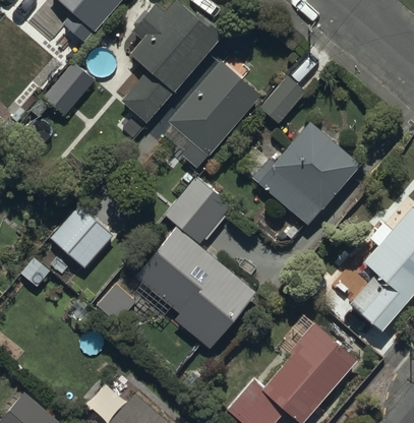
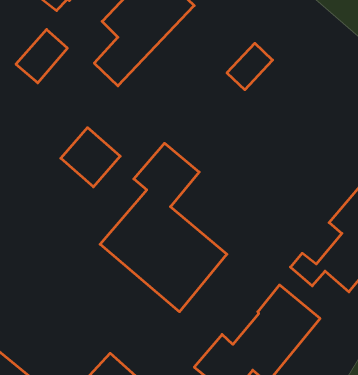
building: [169,61,262,171] -> none
building: [251,124,360,228] -> none
building: [52,206,113,267] -> [61,128,120,187]

